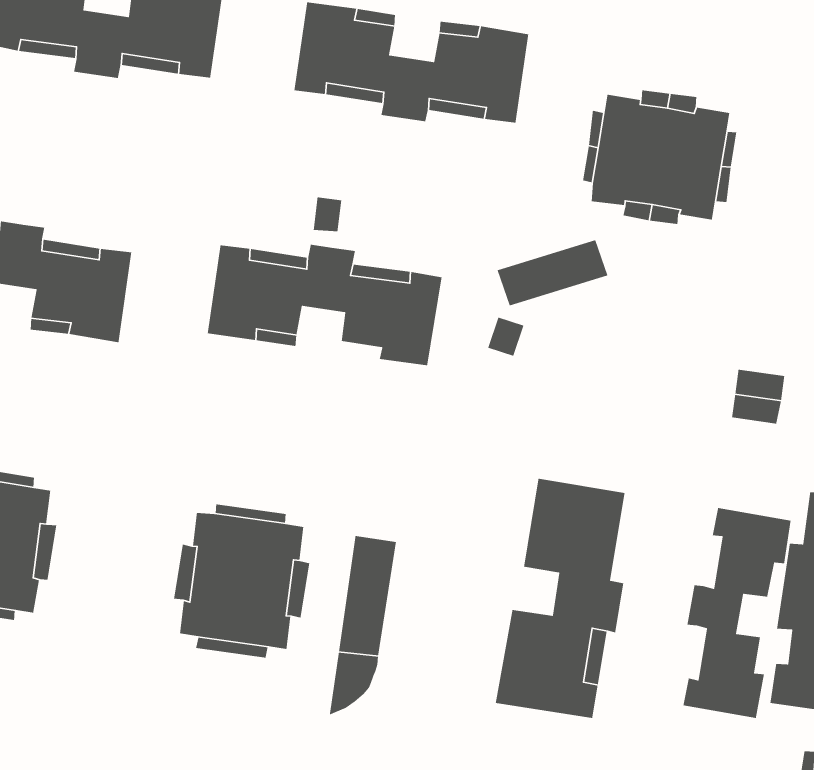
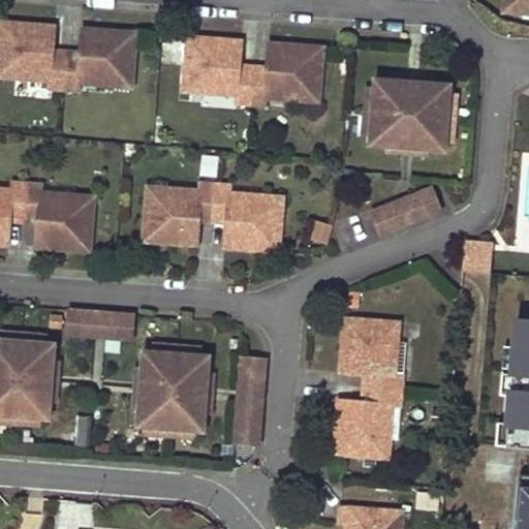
building: [497,239,609,306] -> [372,189,440,234]
building: none -> [67,310,132,339]
building: [683,507,791,719] -> none

